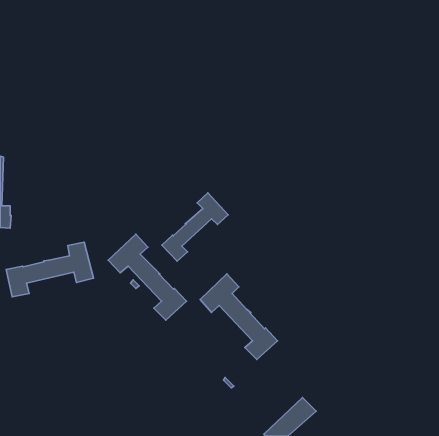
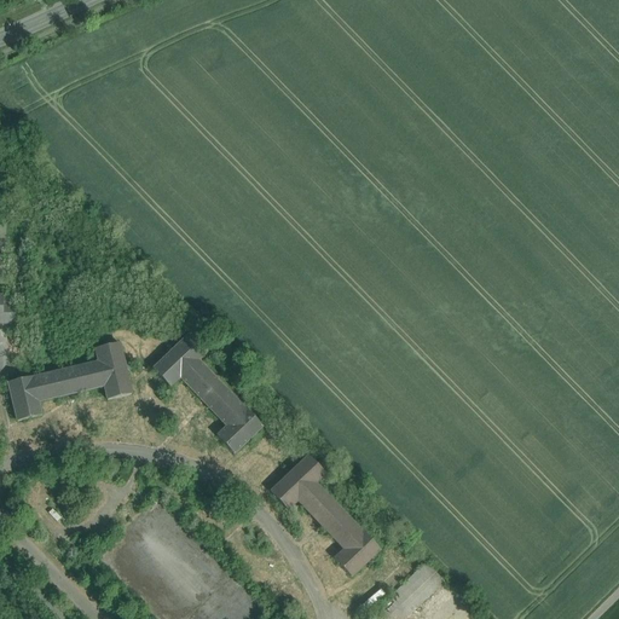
building: [162,193,228,261] -> none
building: [200,274,278,360] -> [271,453,380,574]

